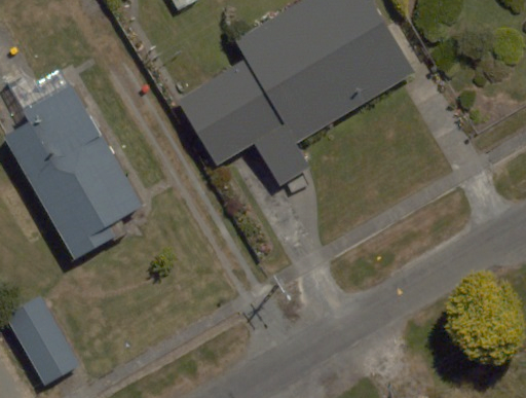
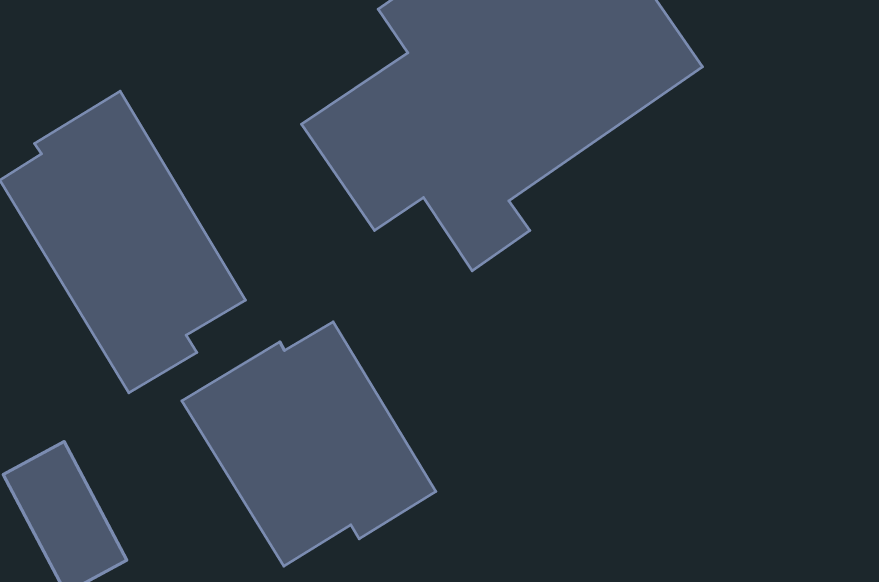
building: none -> [182,322,436,566]

